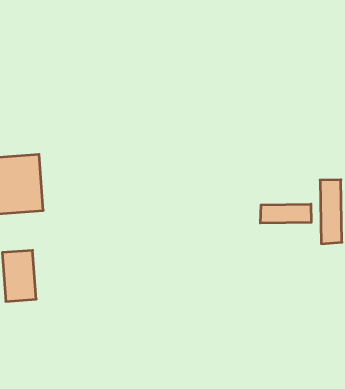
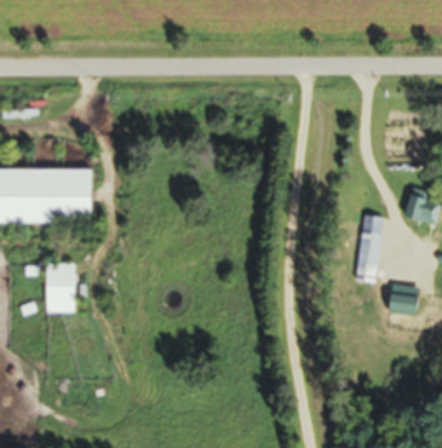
building: [260,204,311,223] -> none

